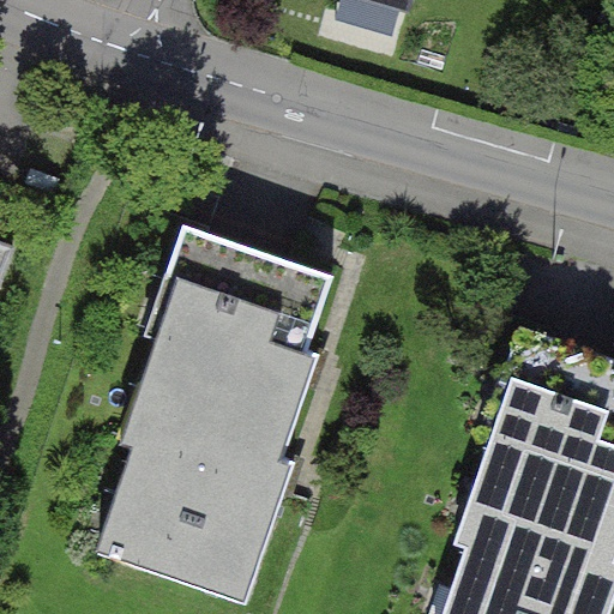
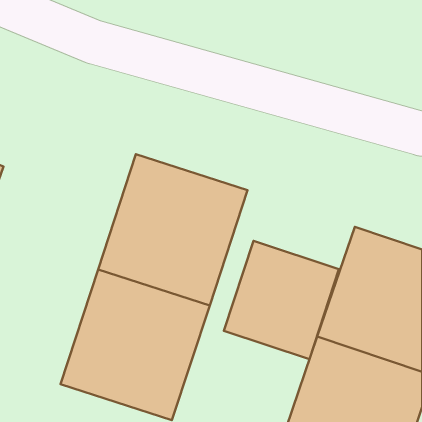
building: none -> [224,241,339,359]

